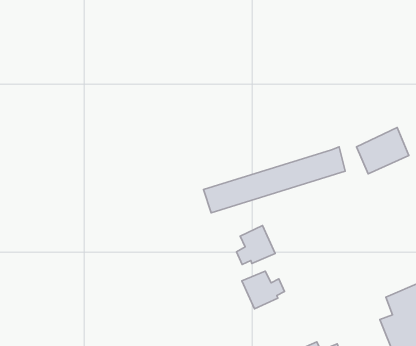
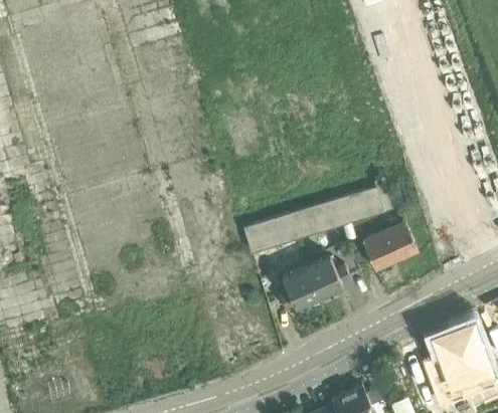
building: [356,127,409,174] -> [363,221,418,269]
building: [242,271,285,309] -> [306,255,350,294]

